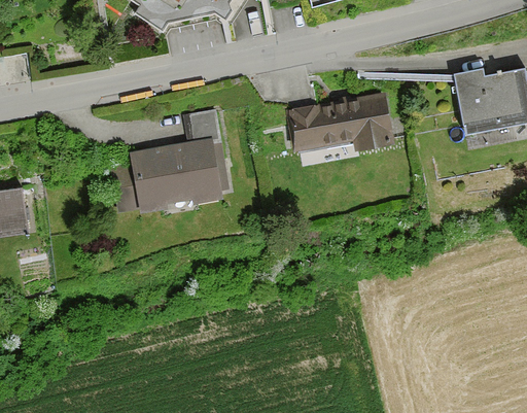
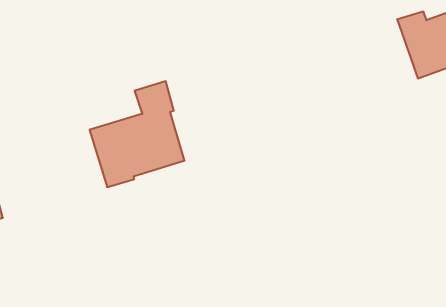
building: [289,92,396,152] -> none

